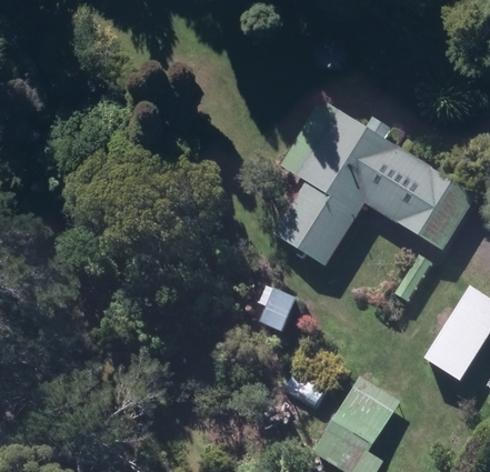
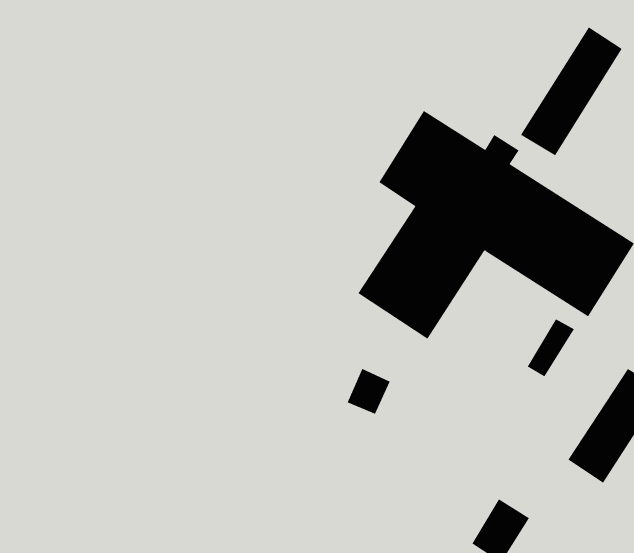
building: none -> [520,26,622,156]

